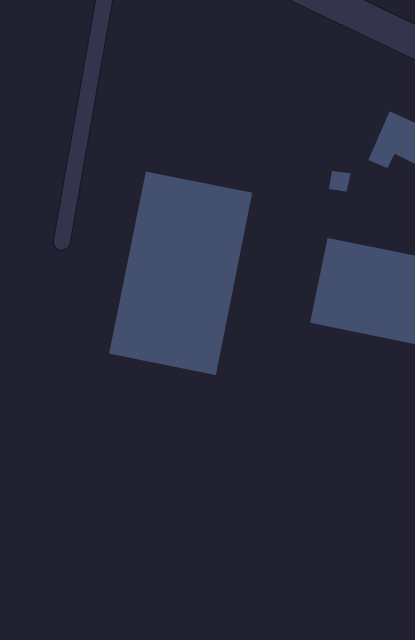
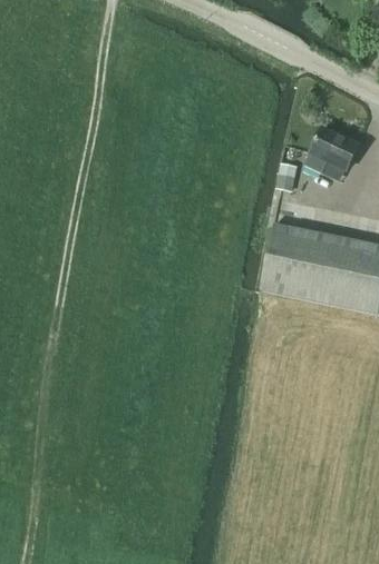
building: [109,171,253,376] -> none

